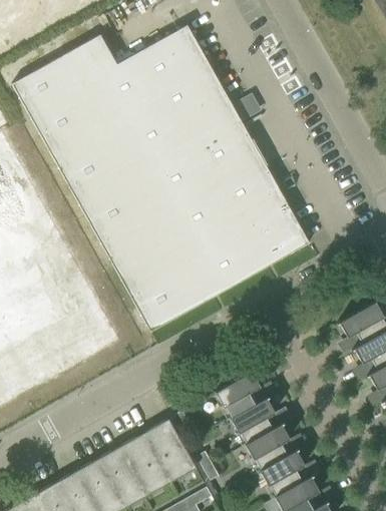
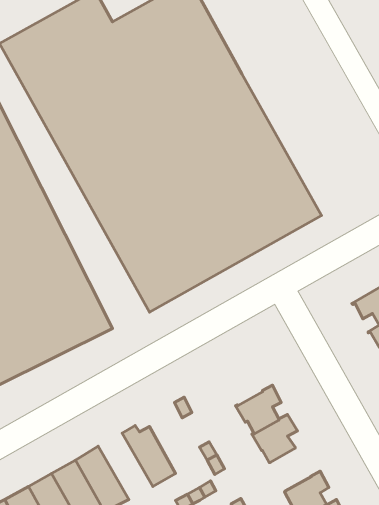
building: [217,371,258,418] -> none
building: [147,419,198,480] -> none
building: [104,443,154,504] -> none
building: [261,452,303,496] -> none

